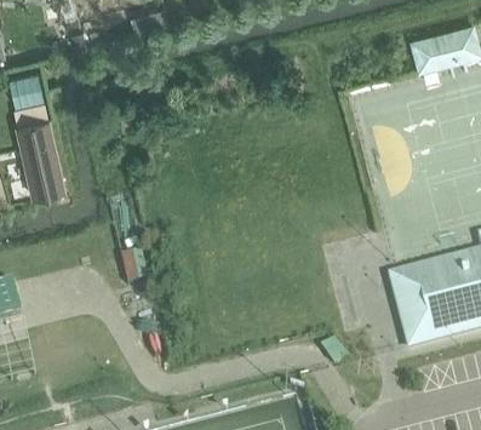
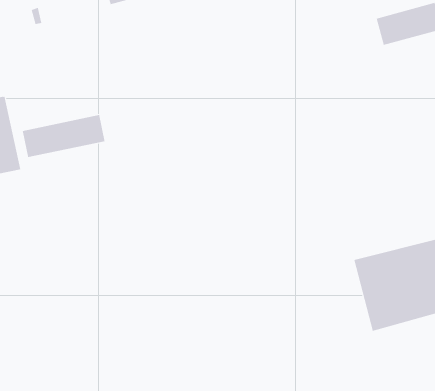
building: none -> [22,114,105,158]

